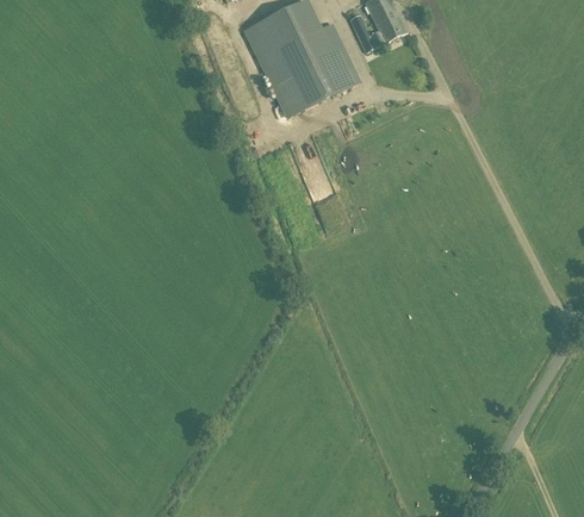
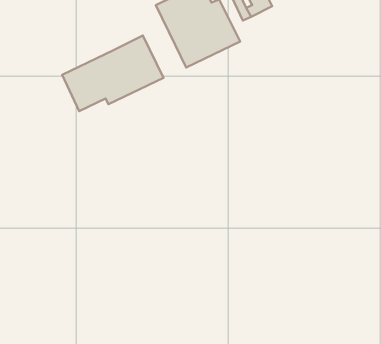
building: none -> [62,36,164,111]

